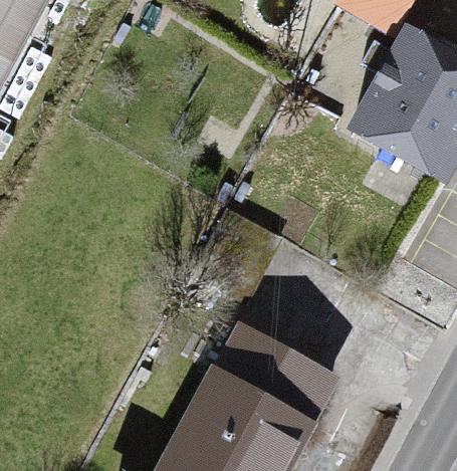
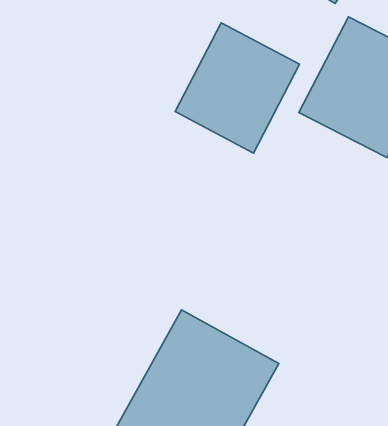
building: none -> [175,23,300,153]

